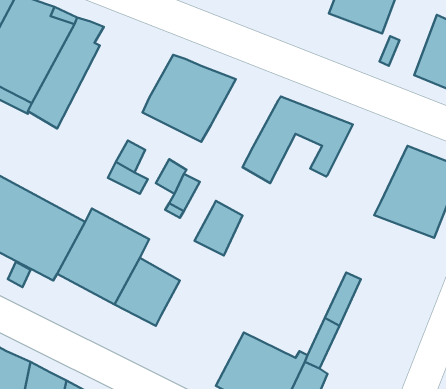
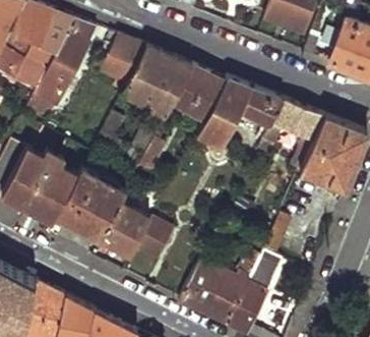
building: none -> [101,38,145,81]
building: none -> [174,67,226,119]
building: none -> [263,102,324,161]
building: [195,201,242,256] -> [136,217,173,259]

